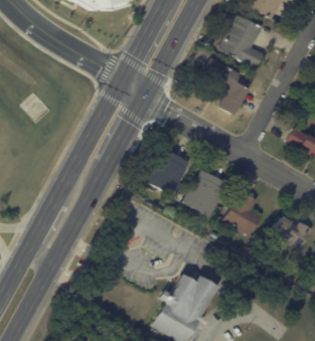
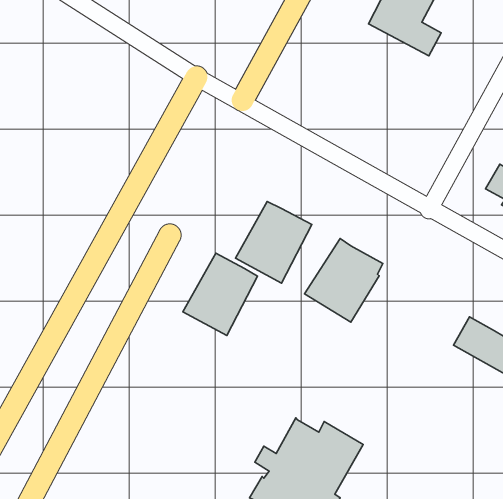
building: [200,57,246,115] -> none
building: none -> [183,253,258,336]
building: [222,189,262,234] -> none

